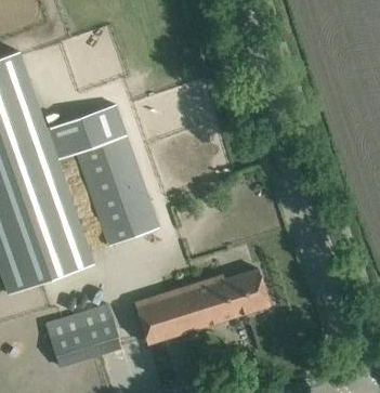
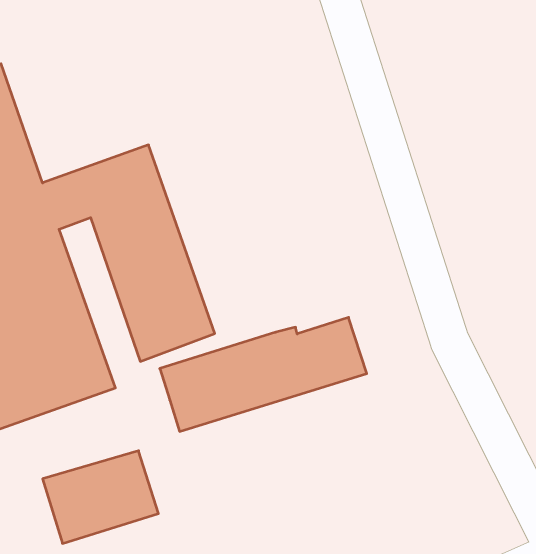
building: [135,270,271,344] -> [160,317,367,431]

